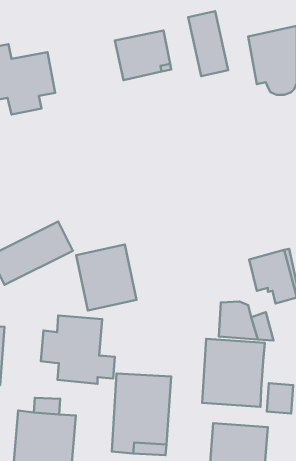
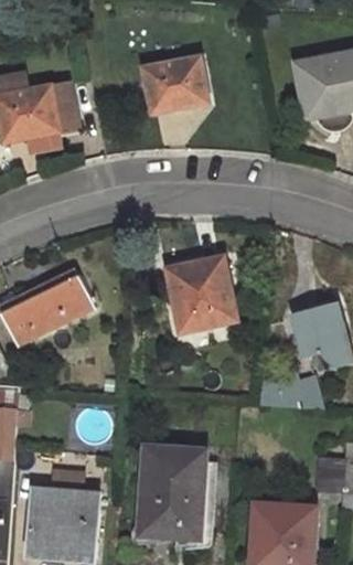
building: [188,11,228,76] -> none
building: [76,244,137,311] -> [167,256,235,331]
building: [41,315,115,384] -> none
building: [202,339,265,407] -> none

